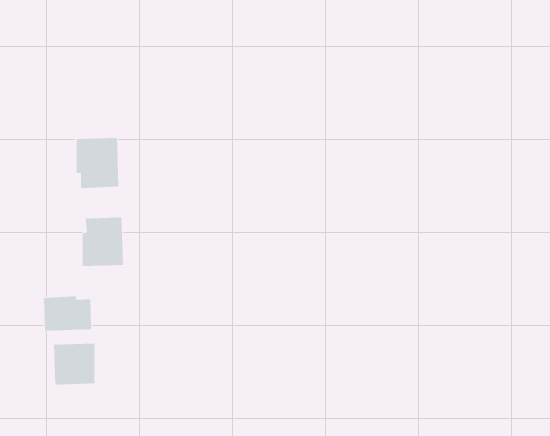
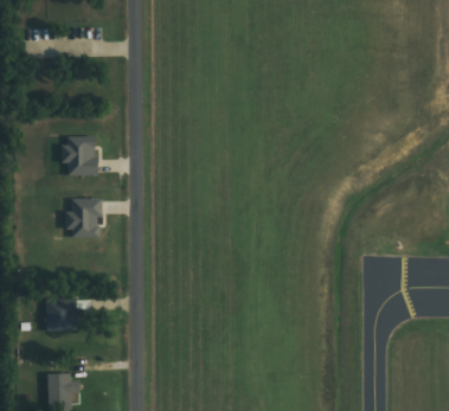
building: [44,296,92,331] -> none

